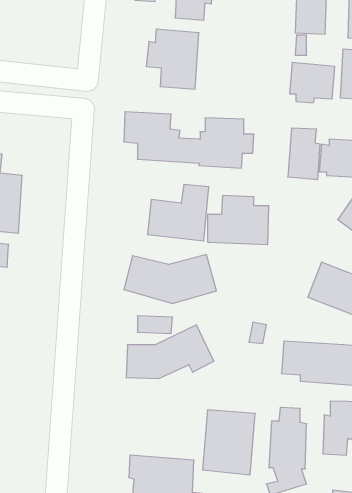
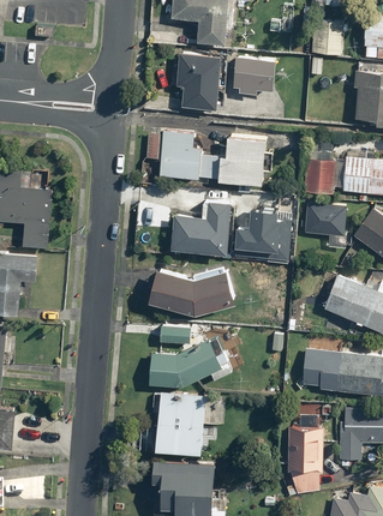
building: [290,63,335,103] -> [233,56,276,95]
building: none -> [306,202,347,235]
building: [203,410,255,475] -> [155,392,205,455]

